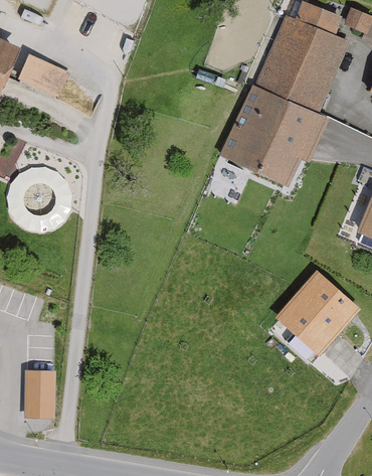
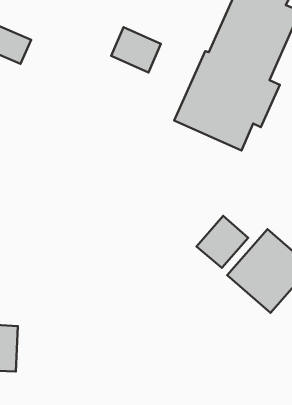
building: none -> [111,27,161,73]
building: none -> [197,216,248,268]

